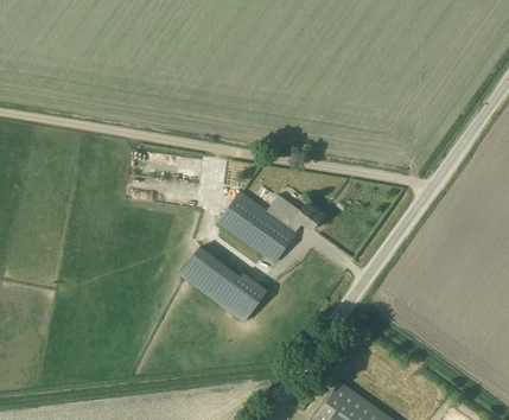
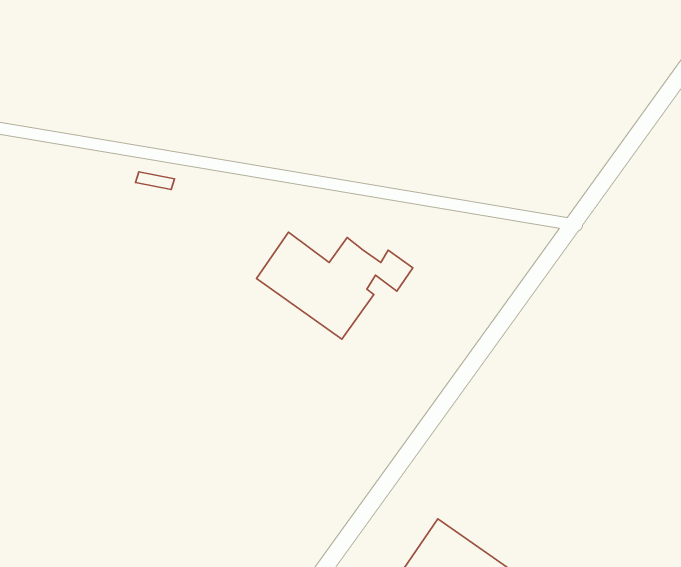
building: [180,247,267,322] -> none

